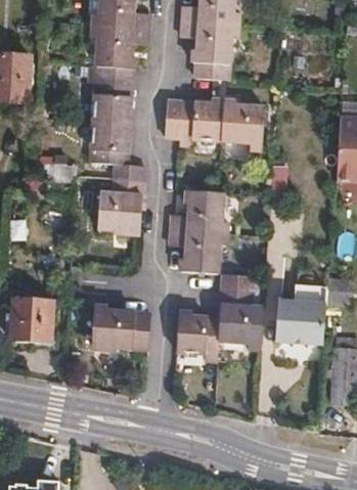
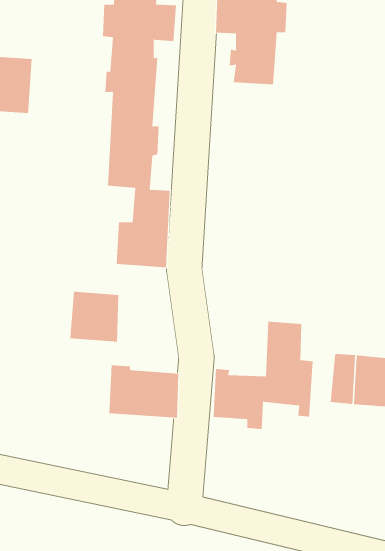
building: [165,97,263,149] -> none
building: [170,190,228,272] -> none
building: [9,299,50,341] -> [69,291,119,342]

